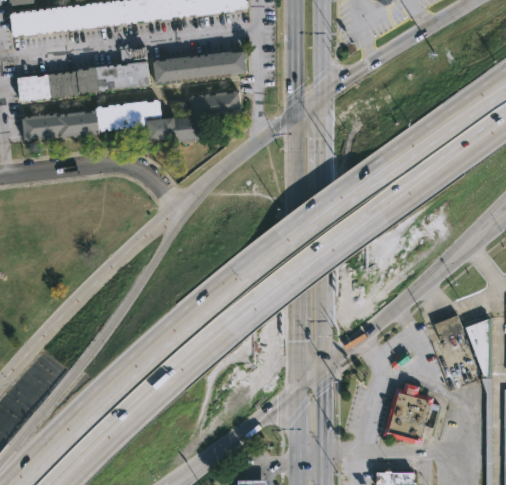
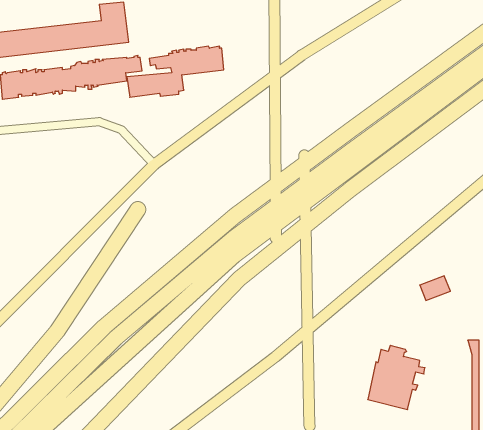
building: [152,50,245,83] -> none
building: [467,316,492,376] -> none

